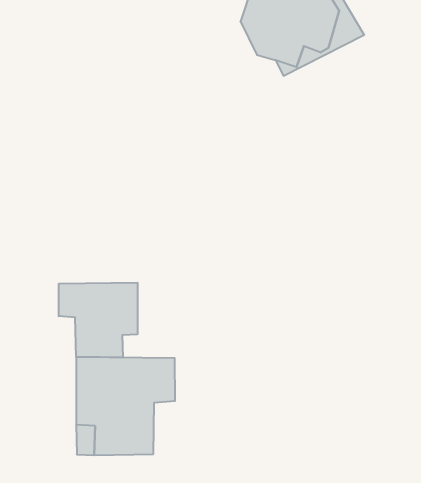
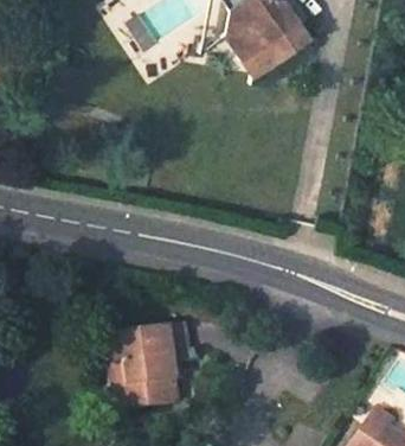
building: [59,283,137,358] -> none

